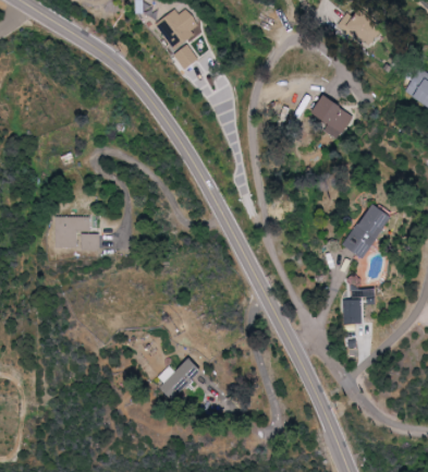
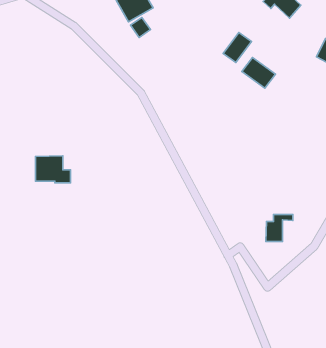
building: none -> [223,32,251,62]
building: [345,203,391,259] -> none
building: [155,358,203,402] -> none

